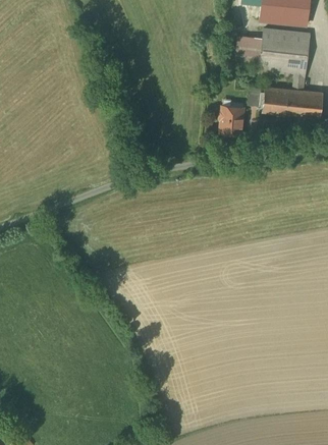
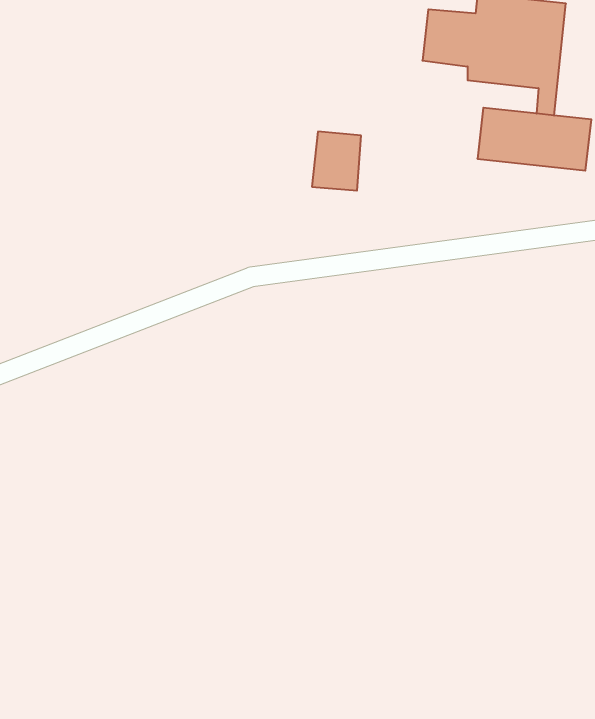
building: [218,106,243,136] -> [312,132,361,191]

